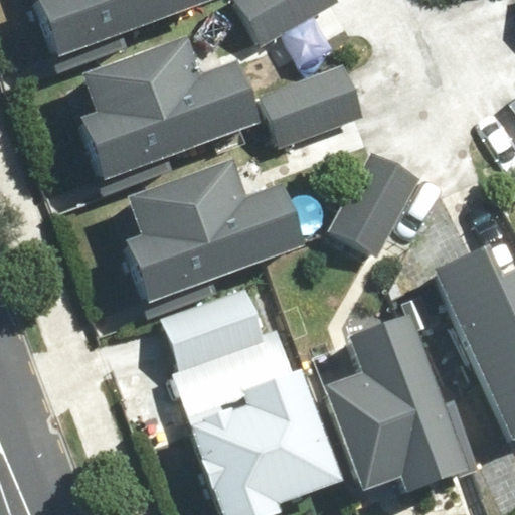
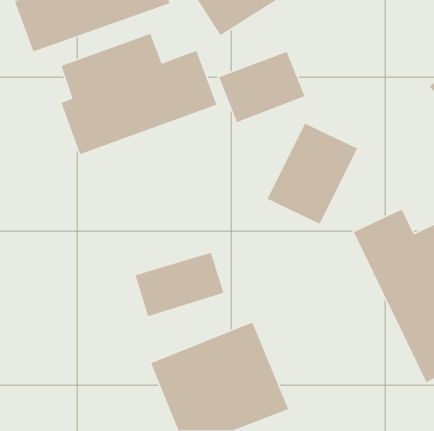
building: [124,161,307,303] -> none
building: [327,311,473,494] -> none

